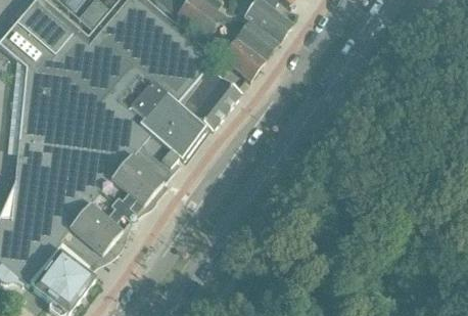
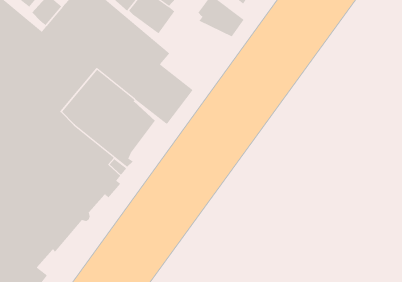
building: [222,24,279,79] -> none

